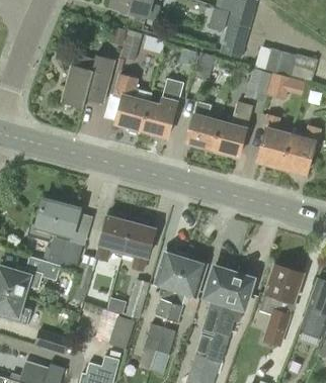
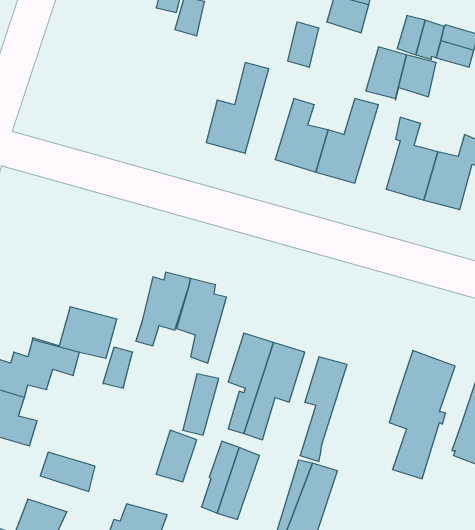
building: [61,54,114,106] -> none
building: [112,73,148,130] -> none
building: [34,199,79,236] -> none
building: [215,273,251,334] -> none

